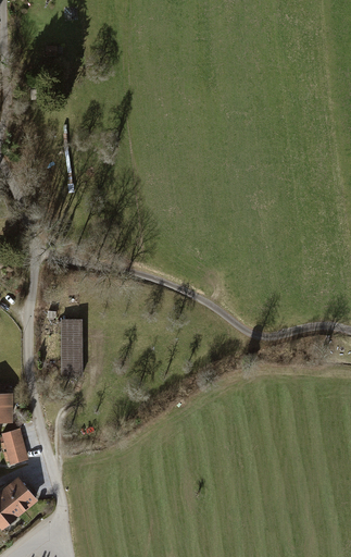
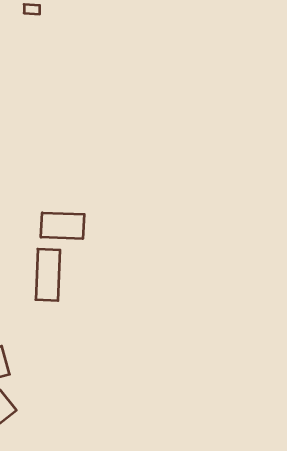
building: none -> [41,213,84,239]

